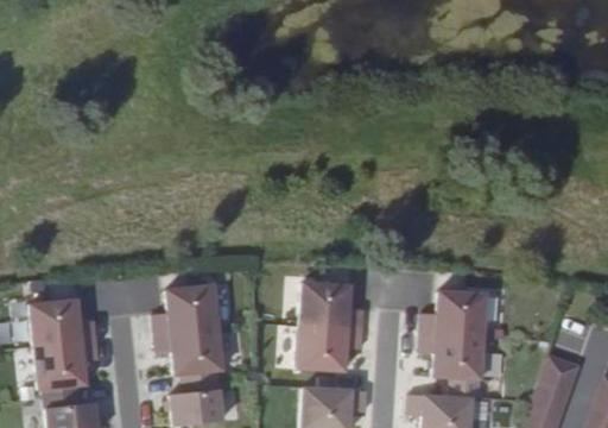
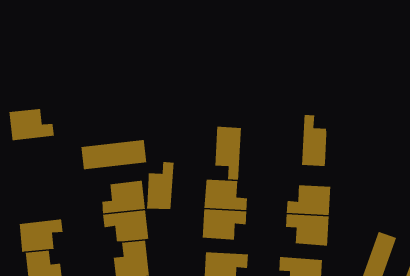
building: none -> [301,114,327,167]
building: none -> [215,126,242,181]
building: none -> [81,139,147,170]
building: none -> [146,161,174,210]
building: [31,300,97,347] -> [9,108,55,141]

